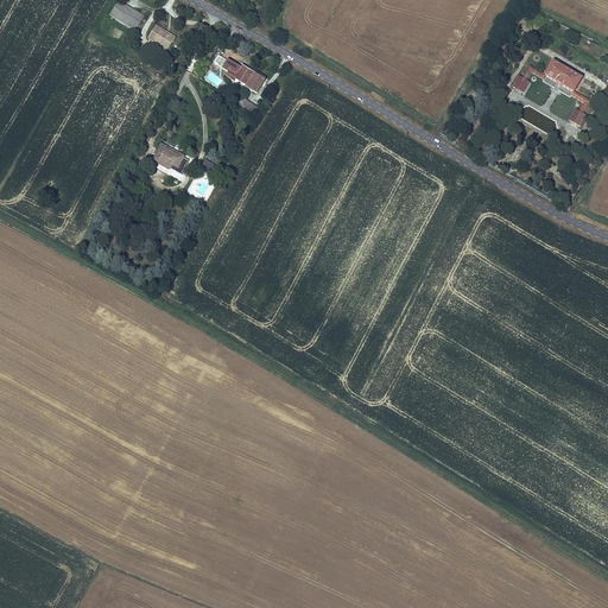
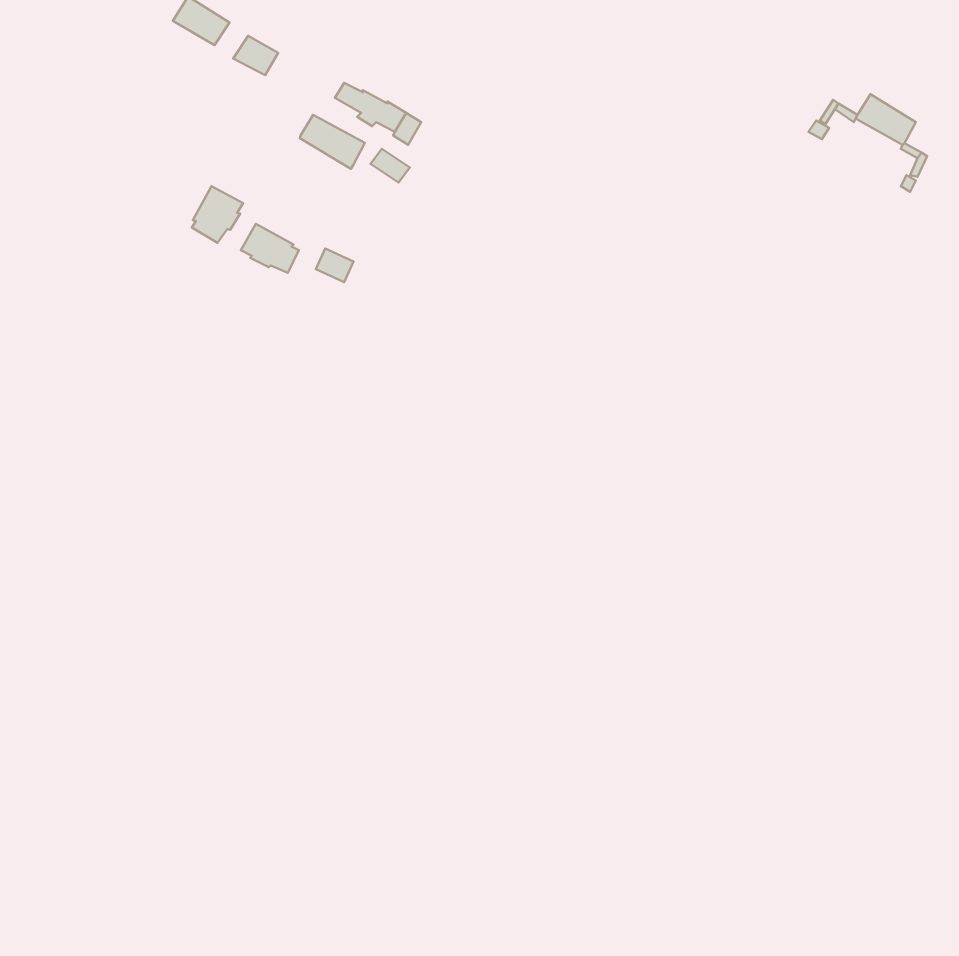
building: none -> [300,115,365,169]
building: none -> [192,186,243,243]

